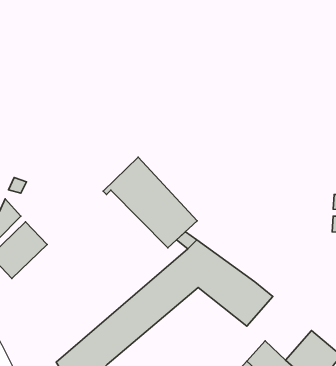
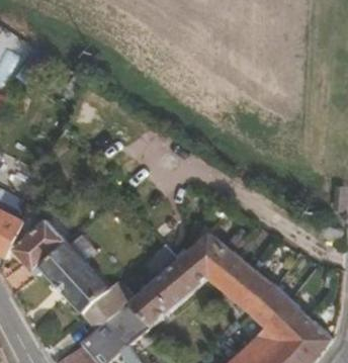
building: [103,157,197,248] -> [36,238,120,319]
building: none -> [246,284,303,341]

